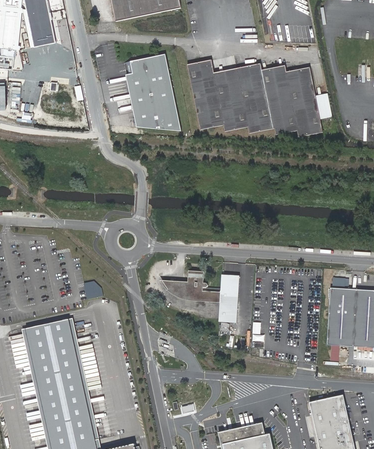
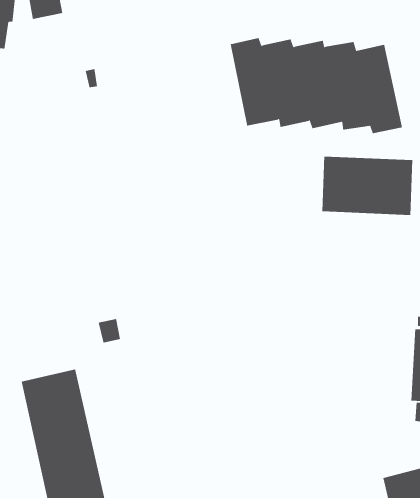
building: [129,55,183,132] -> none
building: none -> [322,156,413,216]
building: [166,269,237,323] -> none

